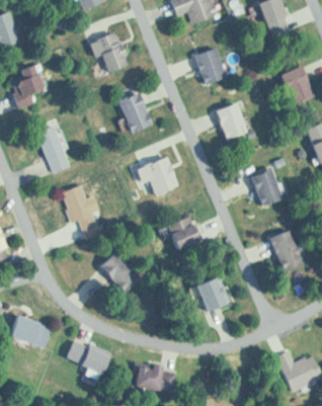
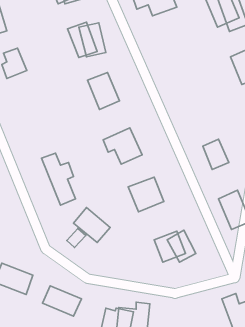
building: [192,47,225,84] -> none
building: [216,102,250,141] -> none
building: [33,124,70,173] -> none

